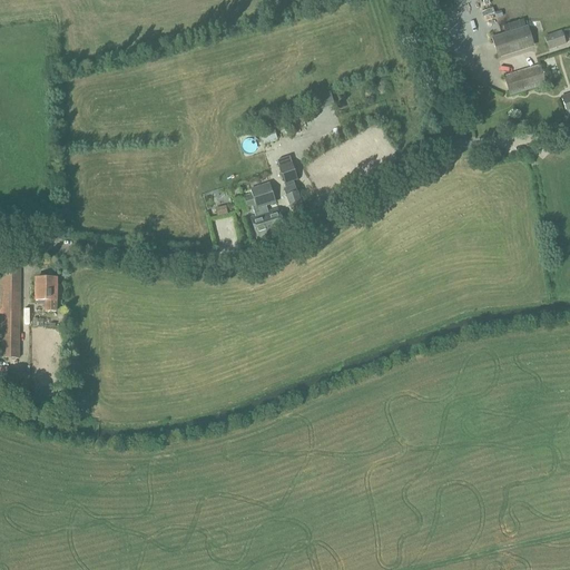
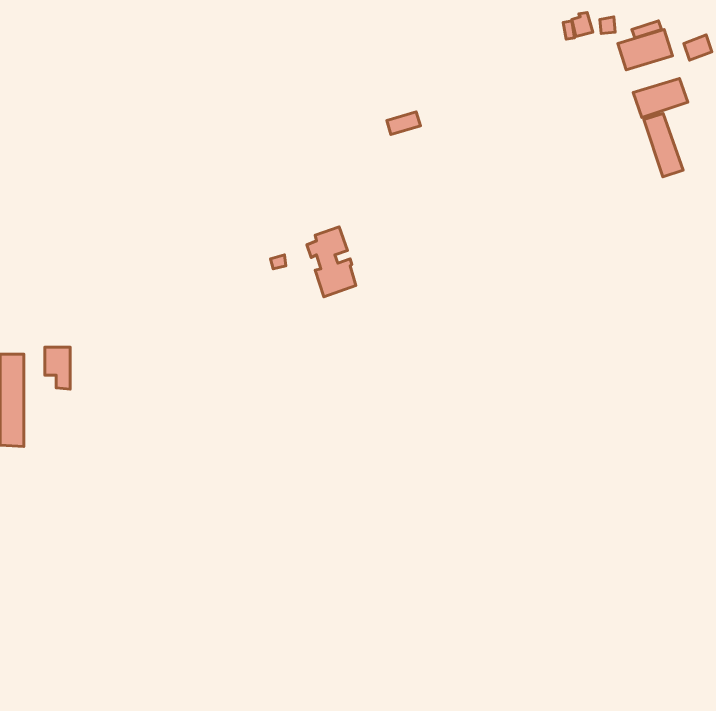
building: none -> [644,114,683,177]
building: [278,159,302,205] -> none

